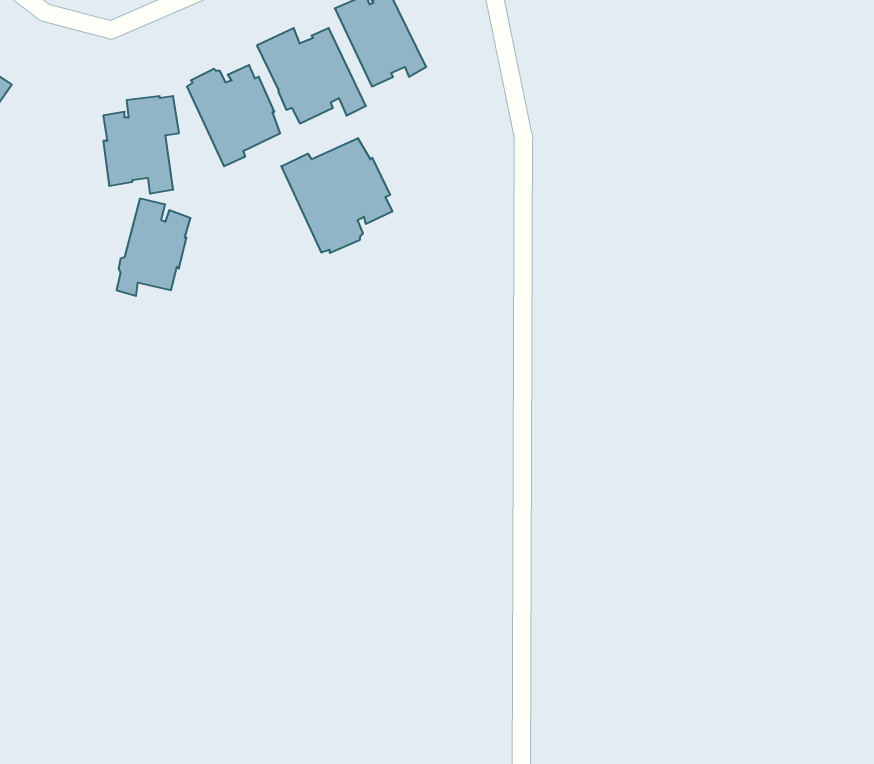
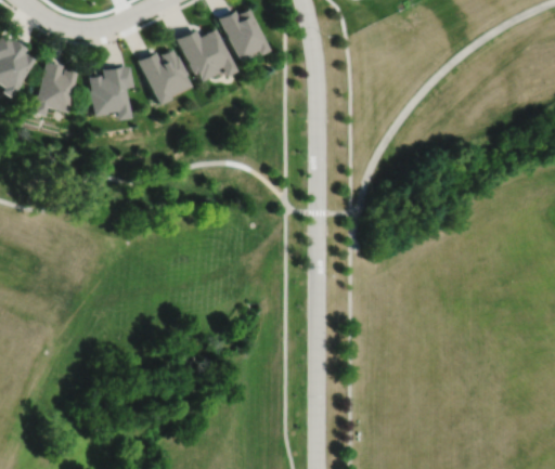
building: [281,138,392,253] -> none
building: [117,199,191,296] -> [37,62,78,116]

